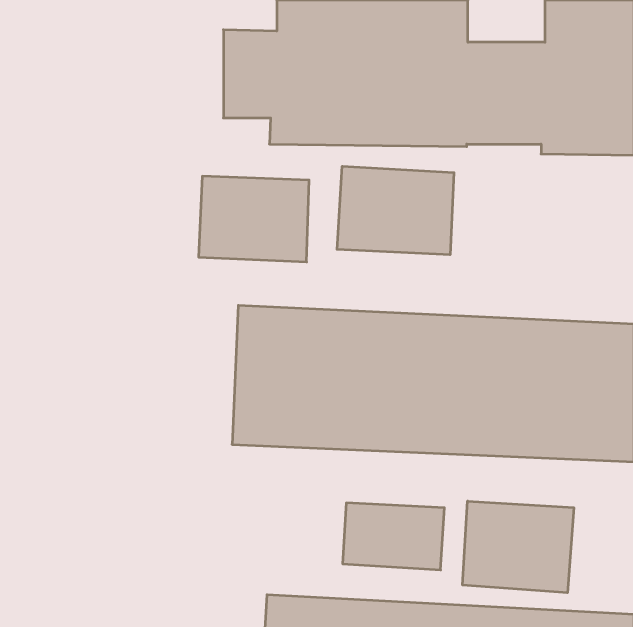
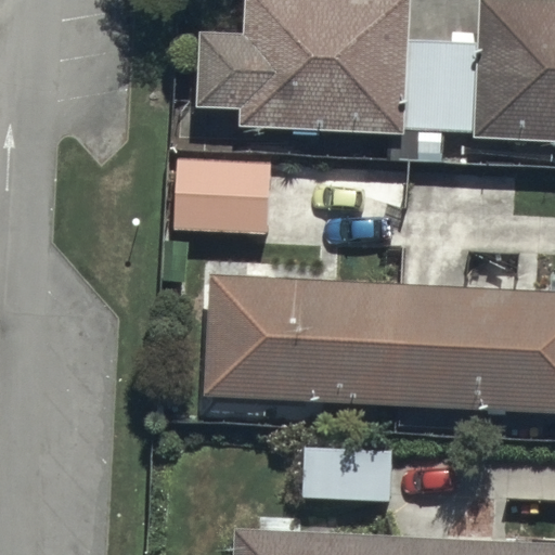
building: [337,166,454,255] -> none
building: [463,501,574,593] -> none

